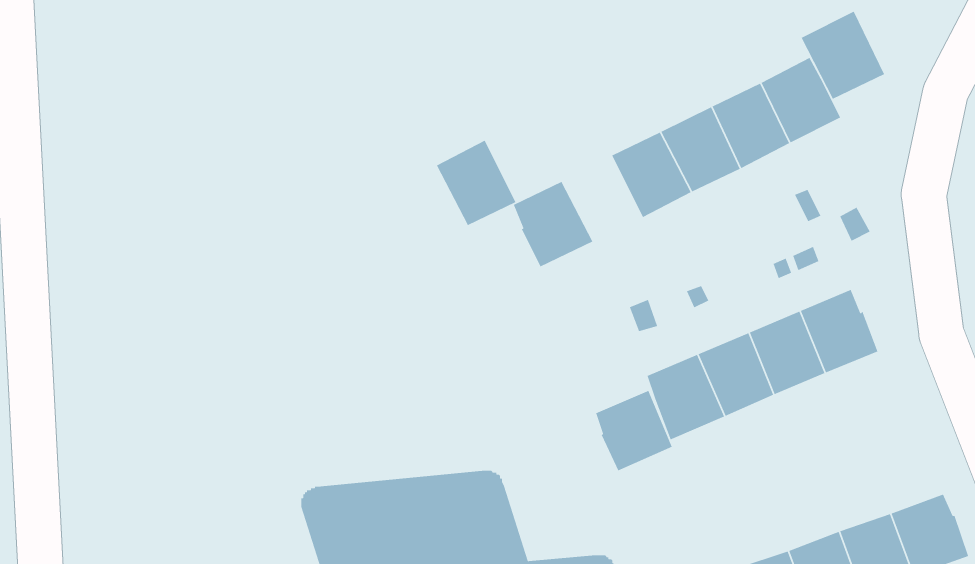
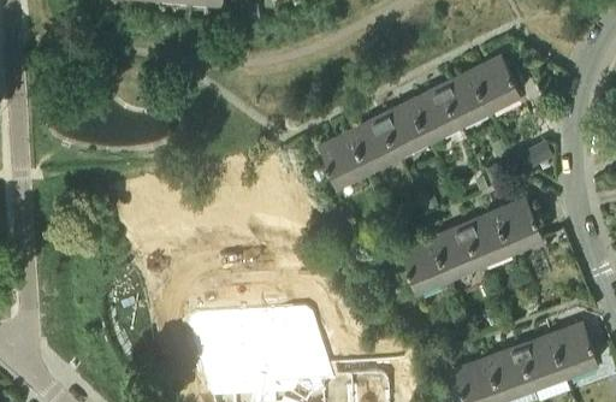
building: [800,11,885,100] -> none
building: [436,140,517,226] -> [350,117,399,170]
building: [595,390,673,471] -> none

